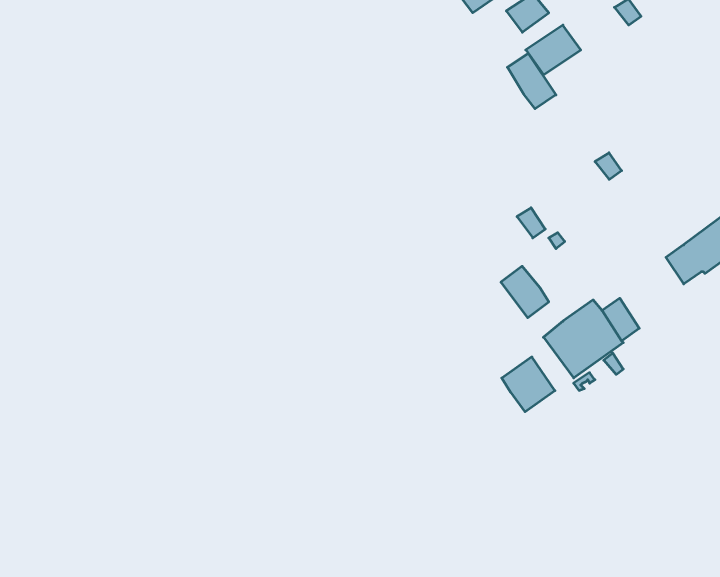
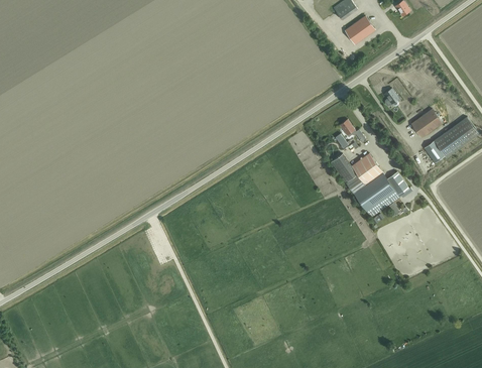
building: [507,53,556,109] -> none
building: none -> [410,108,442,137]
building: [502,357,555,412] -> [352,152,382,183]

